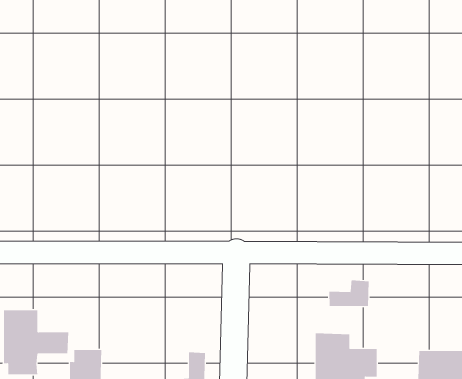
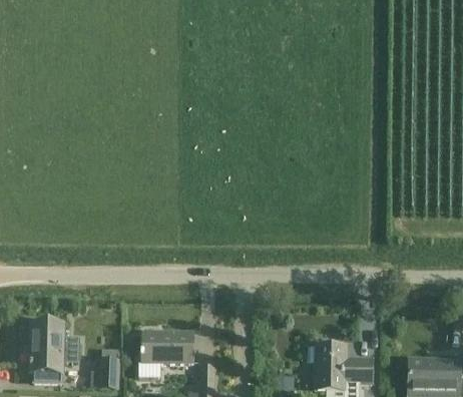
building: [329,279,369,307] -> none
building: none -> [142,331,191,363]

